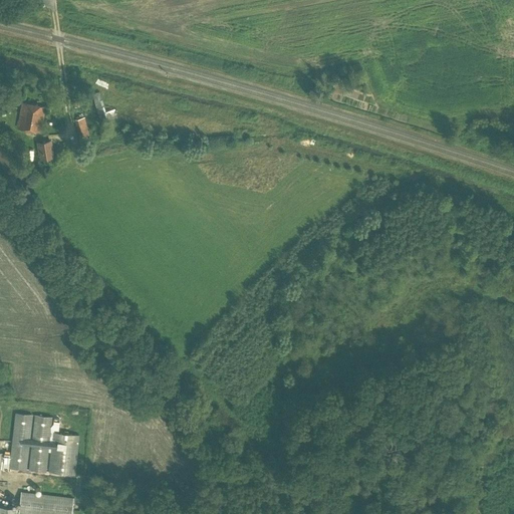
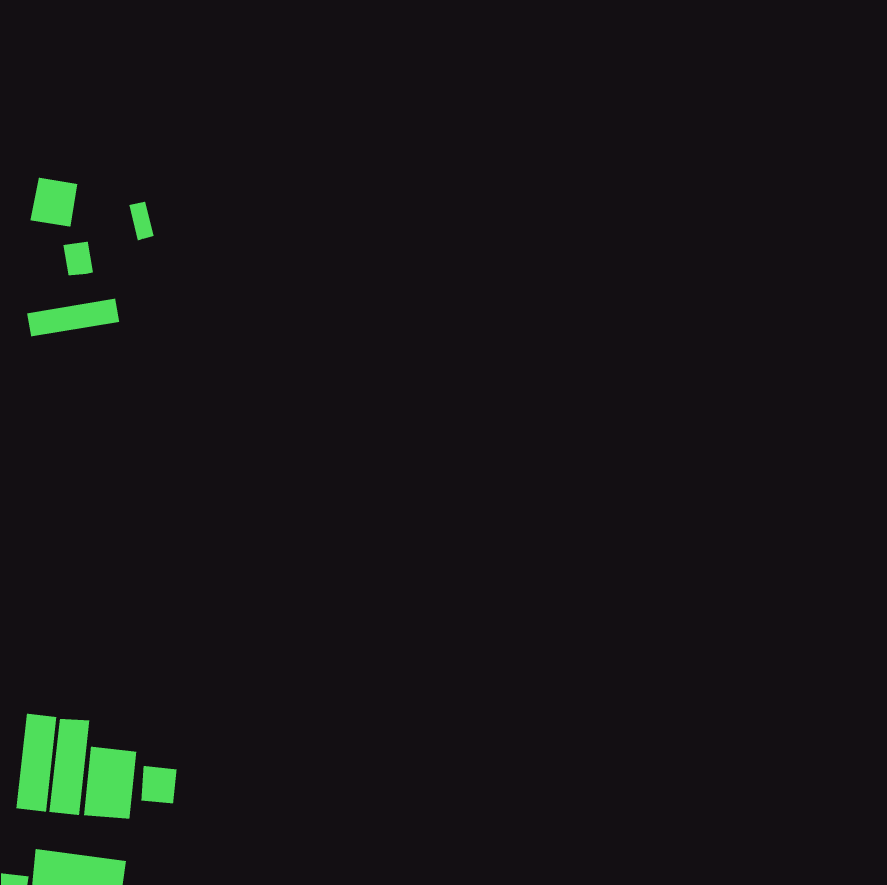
building: none -> [27,298,120,337]
building: none -> [141,765,177,804]

